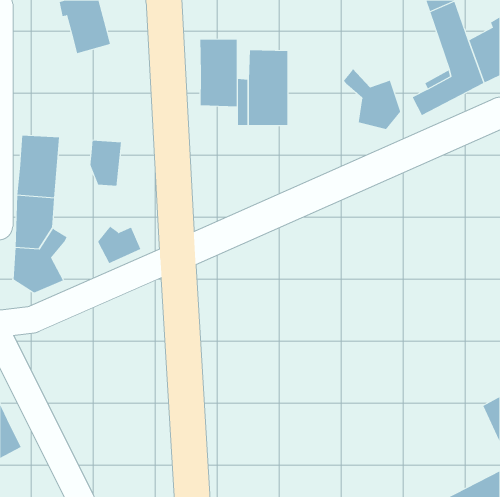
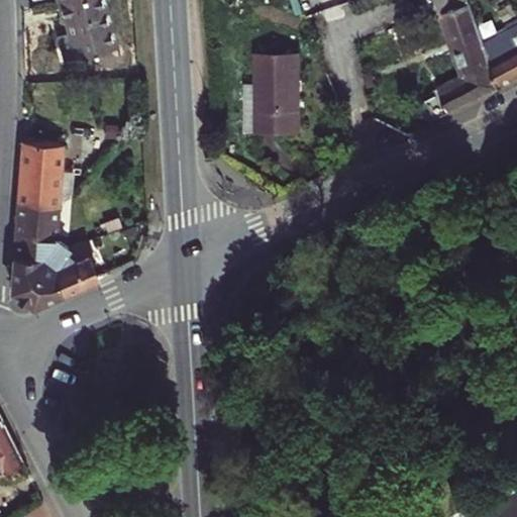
building: [200,39,237,107] -> none
building: [343,68,401,130] -> none
building: [90,140,121,186] -> none
building: [97,226,141,264] -> [54,253,99,293]

